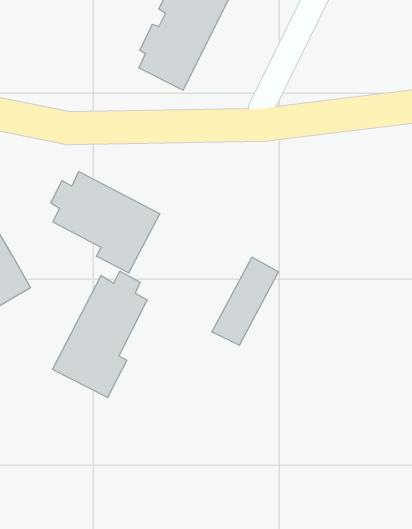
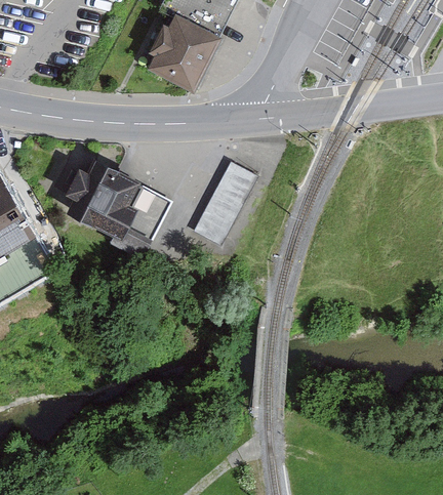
building: [212,257,279,345] -> [194,162,255,243]
building: [52,271,147,398] -> none

